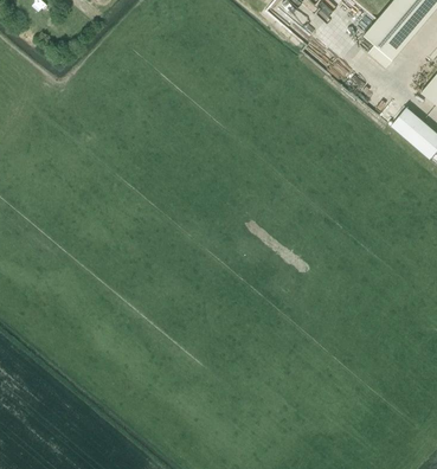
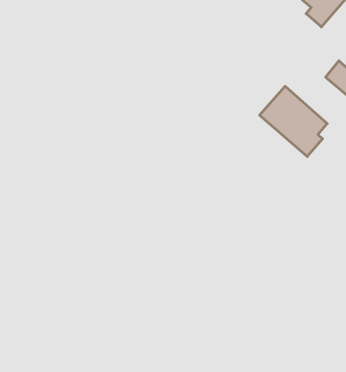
building: none -> [260,86,327,157]

